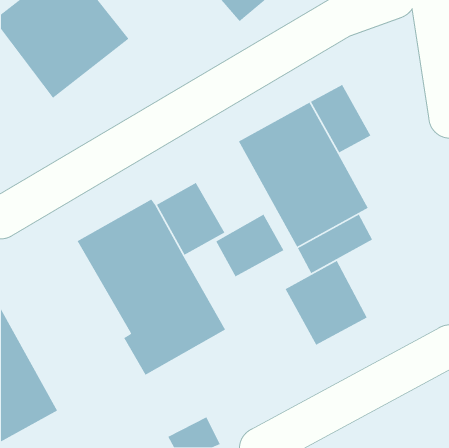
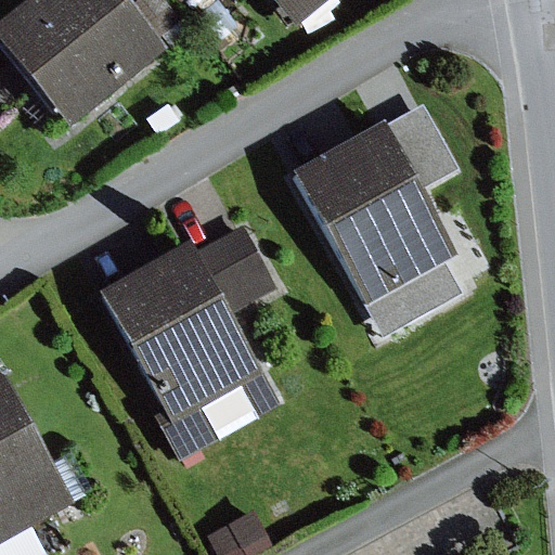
building: [215,214,284,278] -> none
building: [285,260,368,346] -> none

